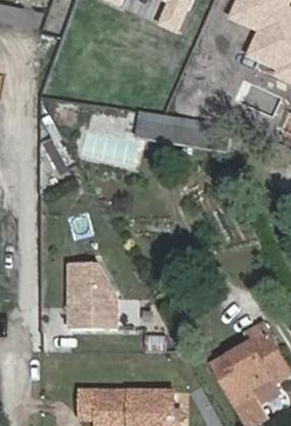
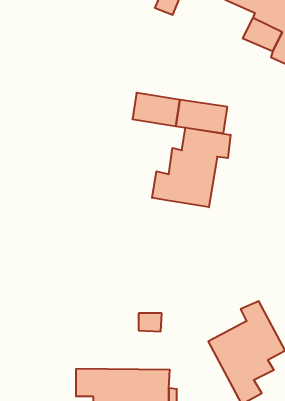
building: none -> [152,128,231,207]
building: [68,260,116,326] -> none

